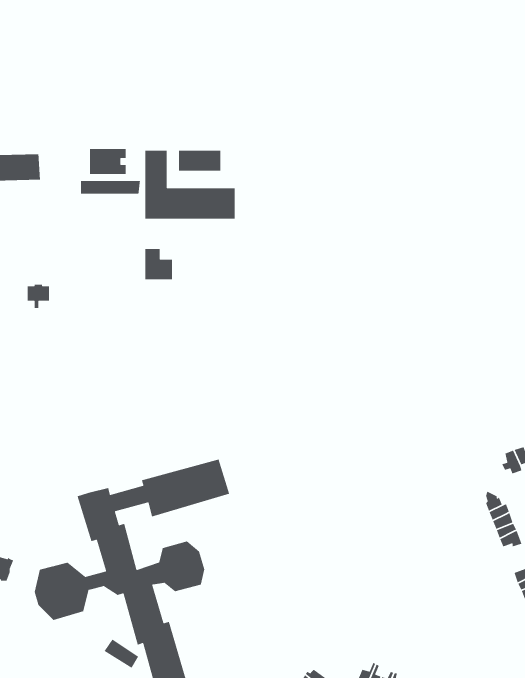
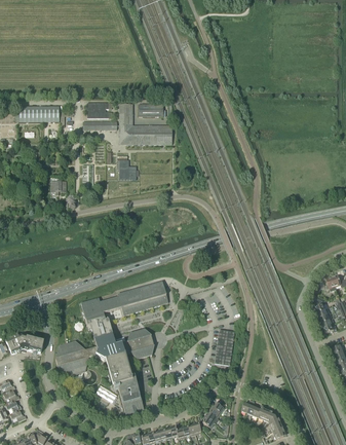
building: none -> [215,328,234,364]

